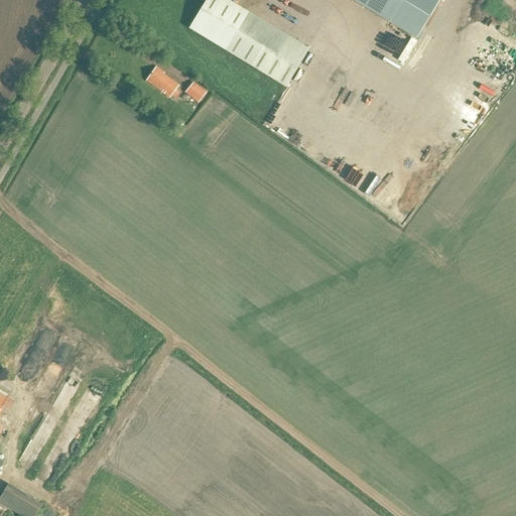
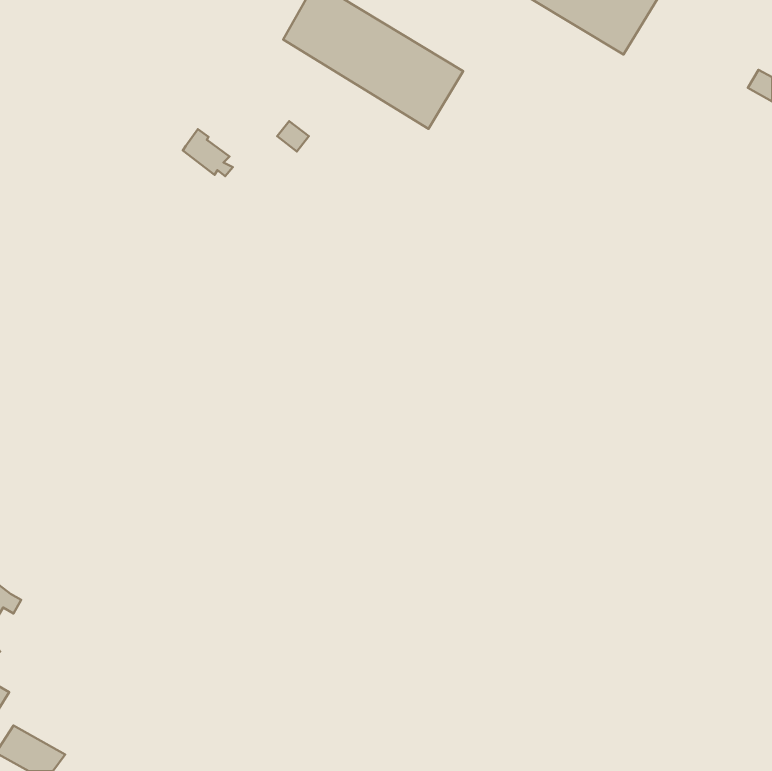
building: [146,66,179,97] -> [183,129,233,176]

